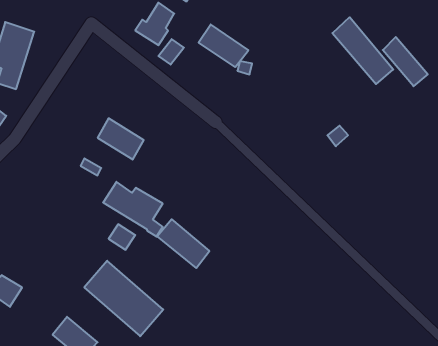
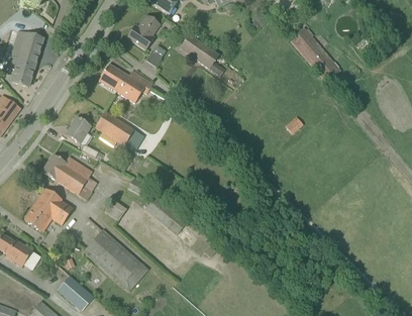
building: [383,37,428,86] -> none
building: none -> [98,63,152,103]
building: none -> [65,116,91,143]
building: [103,182,163,237] -> [41,153,91,199]
building: none -> [24,189,69,230]

